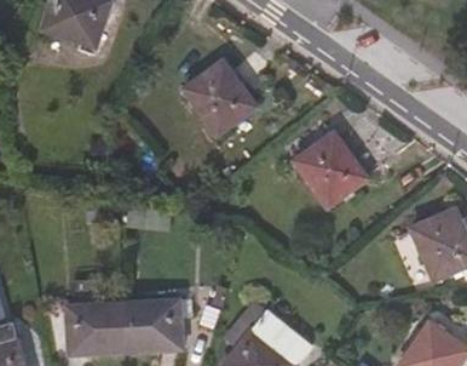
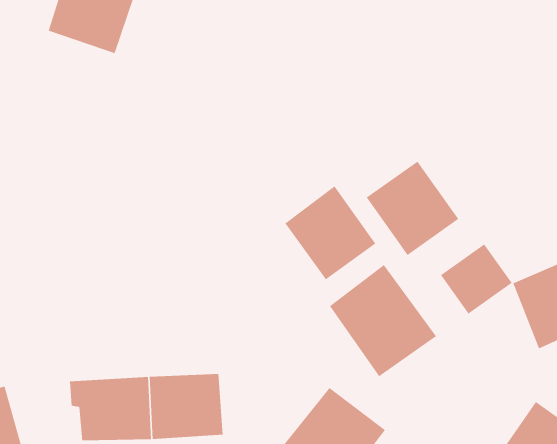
building: [183,59,255,135] -> [284,185,376,280]
building: none -> [440,243,513,315]
building: none -> [329,264,437,377]

